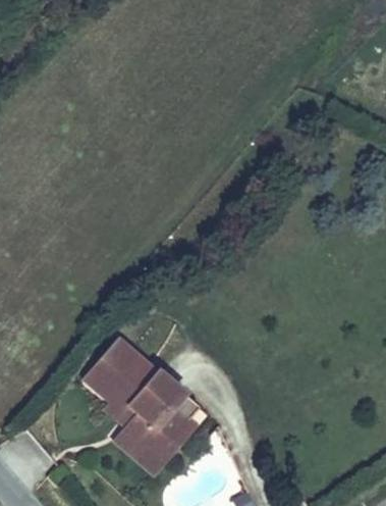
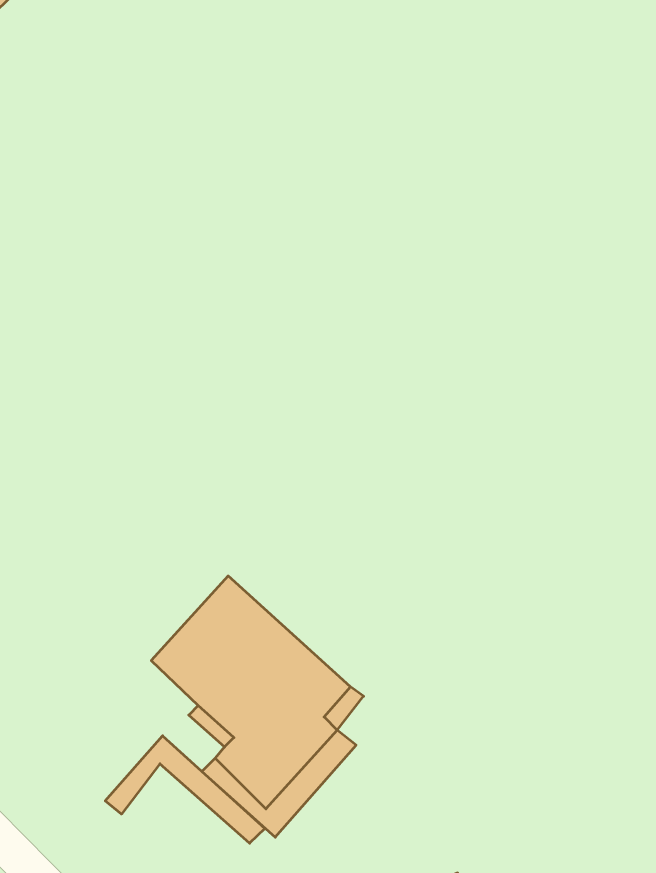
building: none -> [105,736,265,843]

